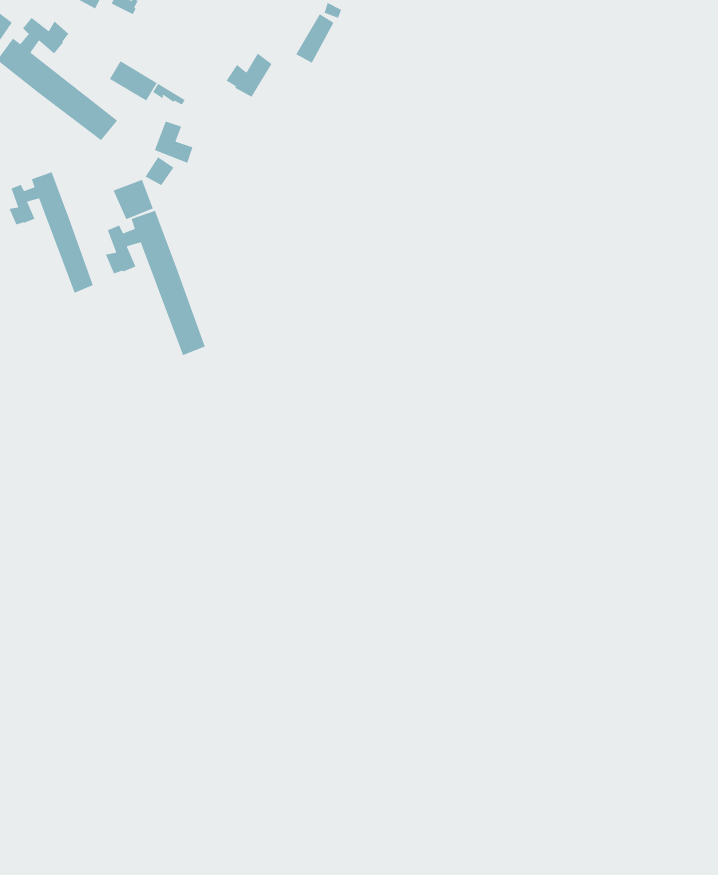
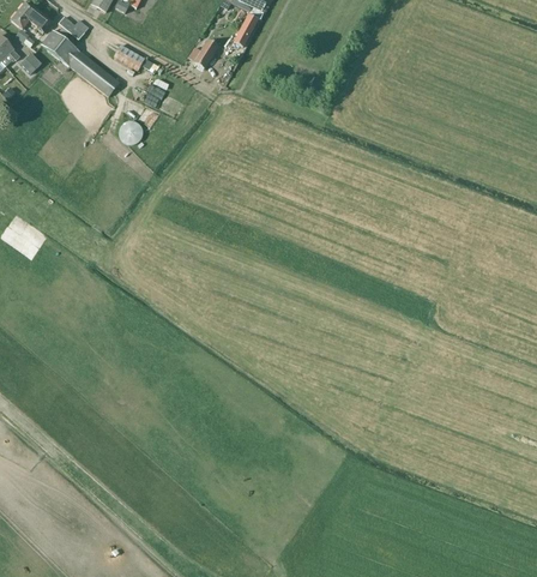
building: [9,171,94,294] -> none
building: [105,210,206,356] -> none

